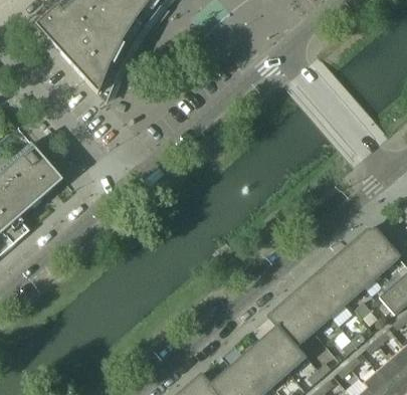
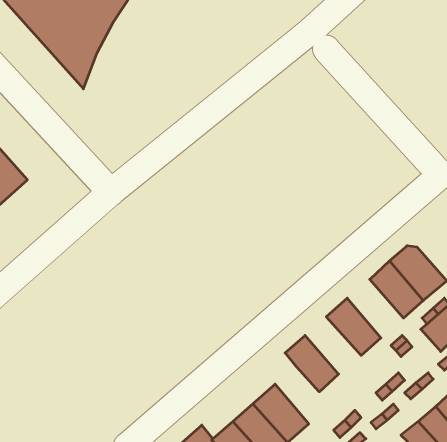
building: [319,255,364,303] -> none
building: [284,285,330,332] -> none
building: [260,326,306,372] -> none

